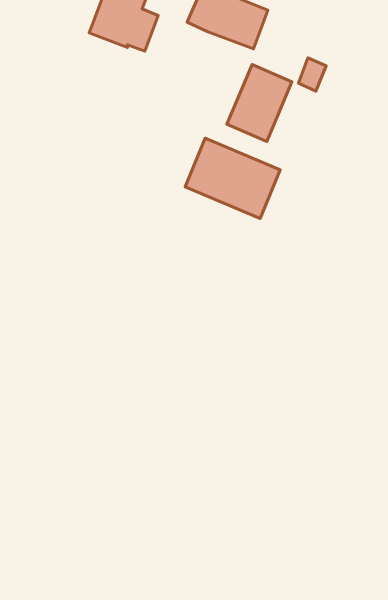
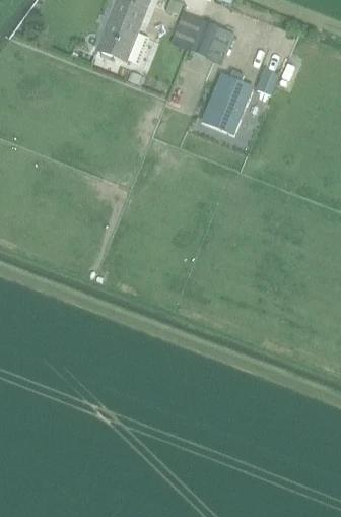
building: [185,138,280,218] -> none

